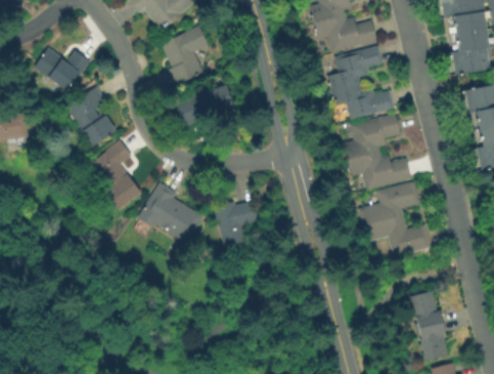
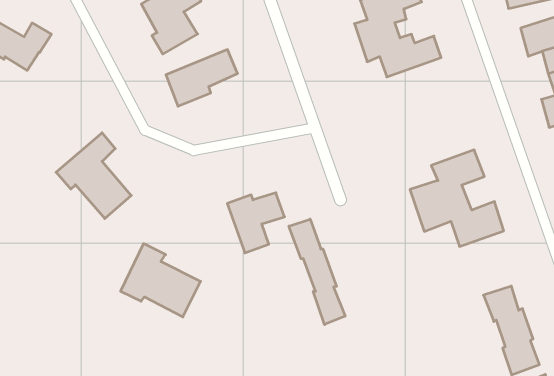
building: [63,87,116,147] -> none
building: [345,115,411,191] -> none
building: [138,183,201,244] -> [121,244,201,317]
building: none -> [289,219,345,325]

